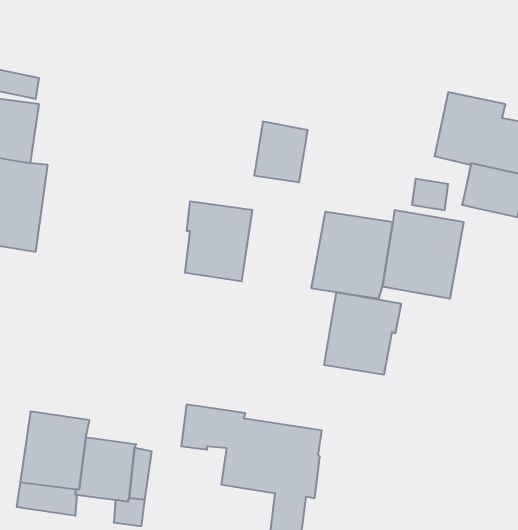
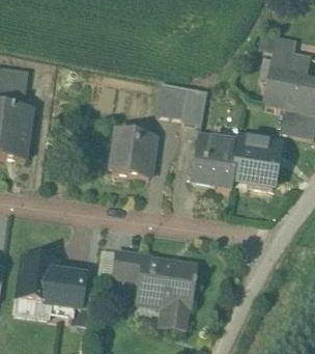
building: none -> [271,37,308,72]
building: none -> [182,87,206,124]
building: [324,292,401,375] -> none

